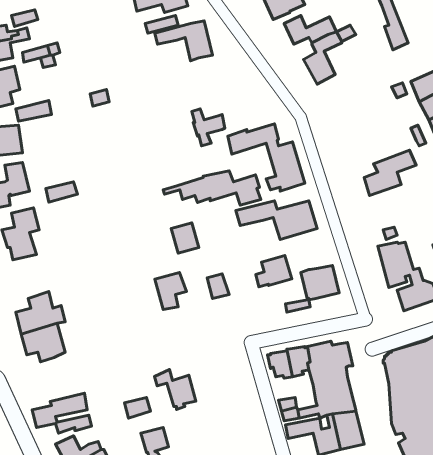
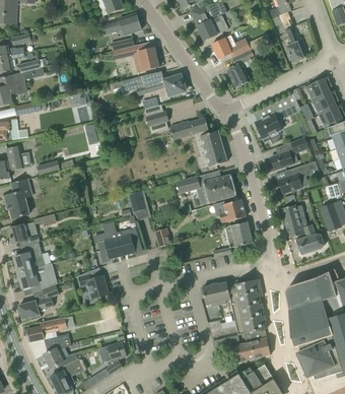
building: none -> [255,96,291,144]
building: [163,171,261,205] -> [113,71,185,96]
building: none -> [278,161,318,194]
building: [256,255,292,287] -> [219,199,246,222]
building: none -> [97,221,122,259]
building: none -> [8,222,40,248]
building: none -> [18,284,59,320]
building: [154,370,196,409] -> [78,271,109,301]

